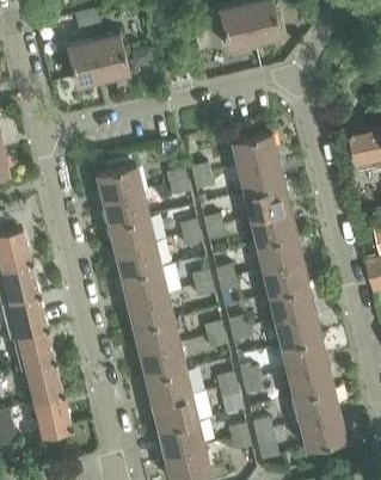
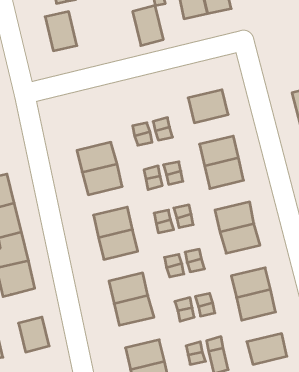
building: [92,33,128,80] -> [133,5,163,46]
building: [238,160,283,195] -> none
building: [96,165,141,202] -> none
building: [256,236,302,271] -> none
building: [115,244,160,277] -> none
building: [275,312,320,347] -> none
building: [133,319,178,353] -> none
building: [25,362,61,402] -> none
building: [293,389,339,424] -> none
building: [150,395,197,431] -> none

